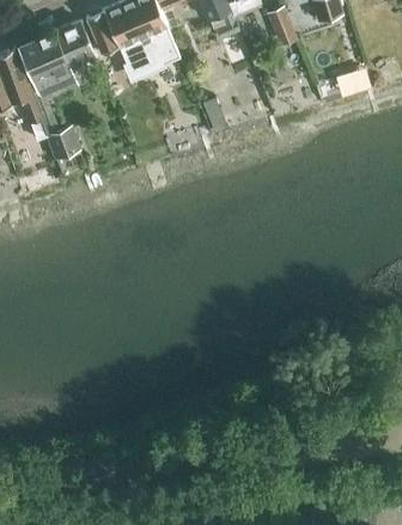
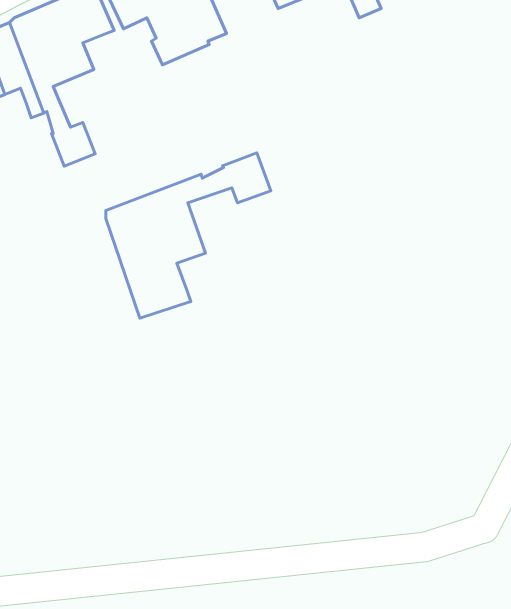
building: none -> [106,153,271,318]

